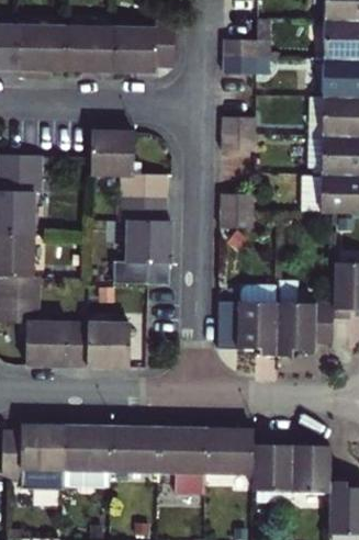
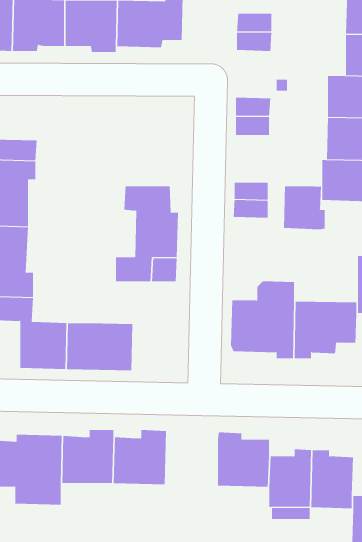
building: [90,131,164,198] -> none
building: none -> [284,185,325,230]
building: [158,421,205,472] -> none

